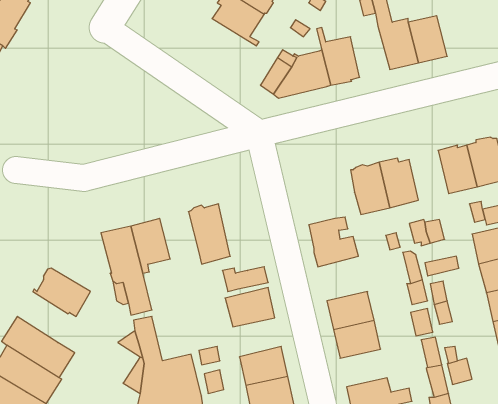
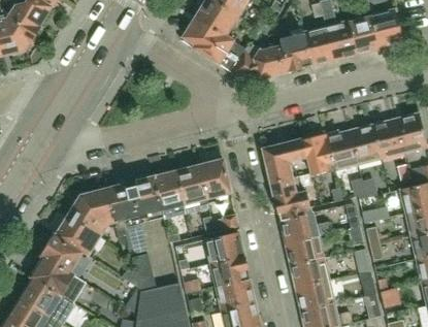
building: none -> [371,10,403,48]
building: none -> [179,19,229,63]
building: none -> [303,25,334,65]
building: none -> [350,123,381,162]
building: none -> [264,138,306,182]
building: none -> [199,159,230,198]
building: none -> [153,171,186,218]
building: none -> [67,188,114,234]
building: none -> [279,211,331,241]
building: none -> [40,234,80,274]
building: none -> [210,254,249,286]
building: none -> [295,280,332,309]

